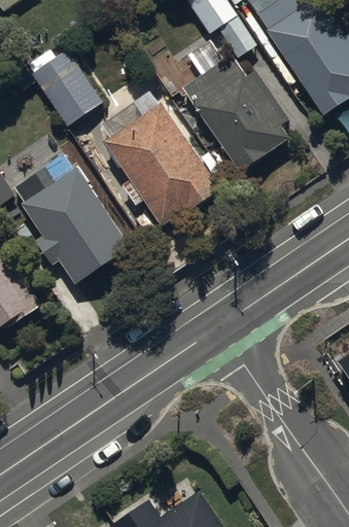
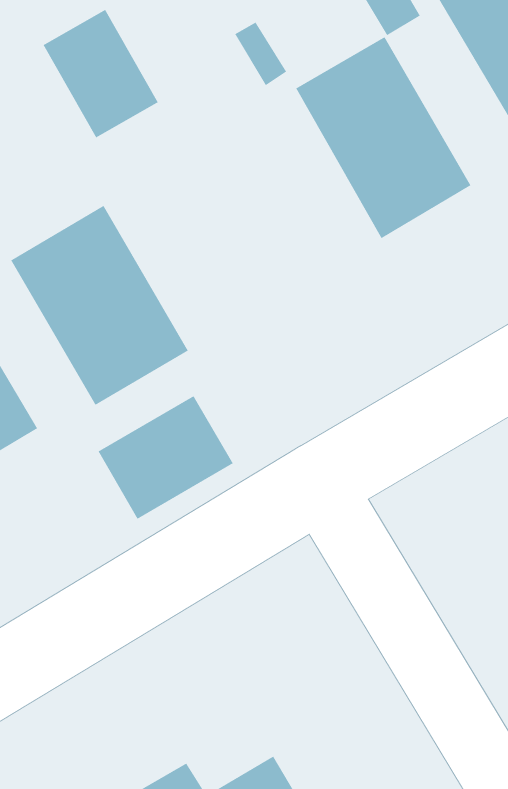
building: [104,107,219,232] -> none
building: none -> [97,395,234,520]

